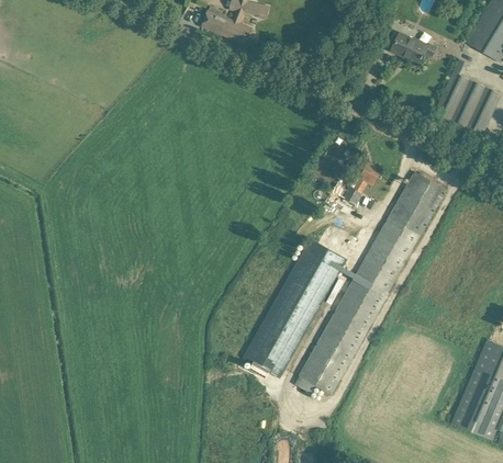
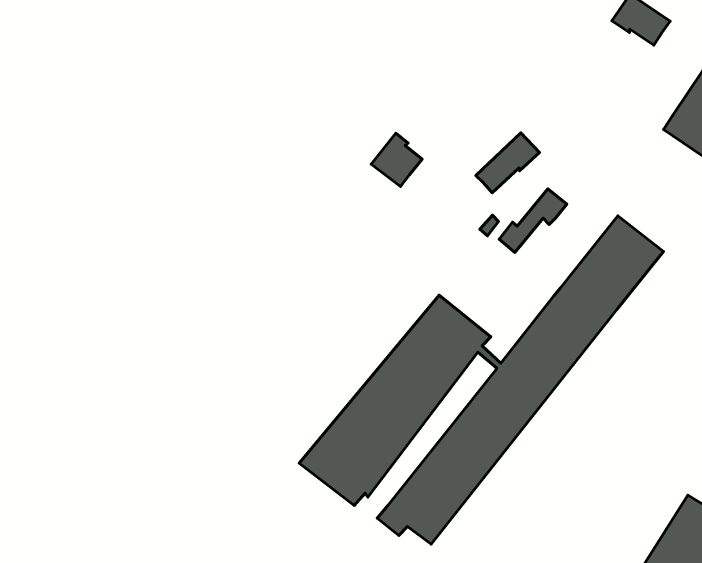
building: none -> [476,133,539,193]
building: none -> [371,133,422,187]

